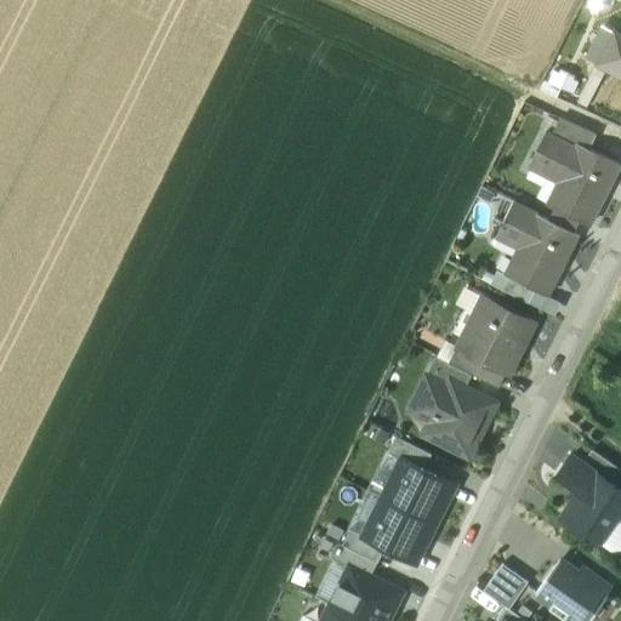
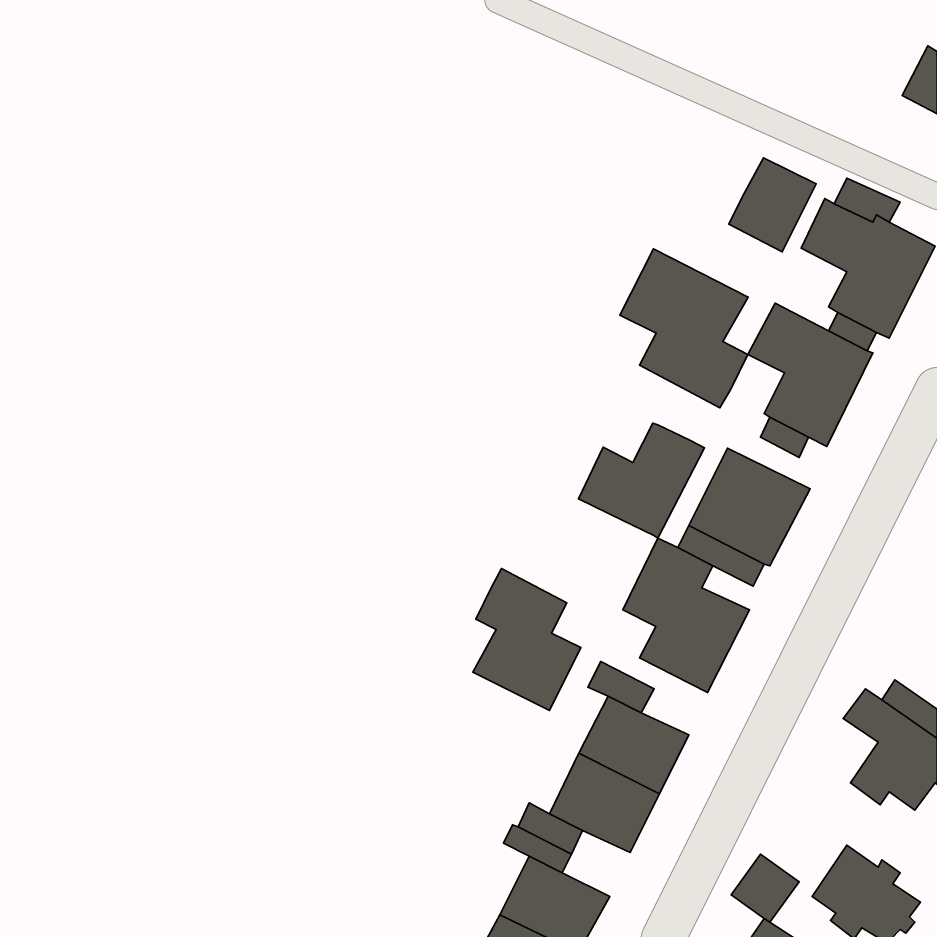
building: none -> [729,158,816,252]
building: none -> [620,249,748,408]
building: none -> [579,423,705,538]
building: none -> [473,569,581,710]

